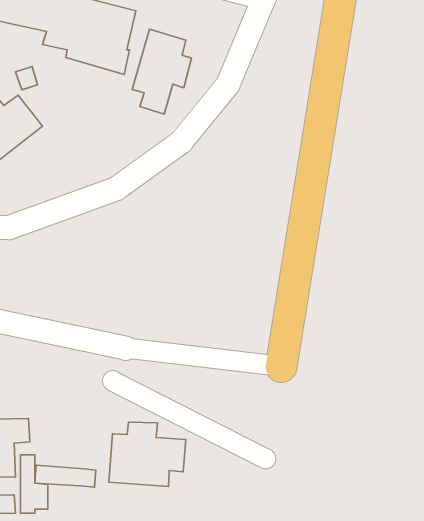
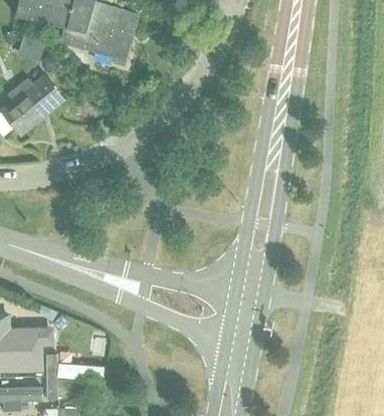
building: [132,29,191,114] -> none
building: [109,422,186,486] -> none

